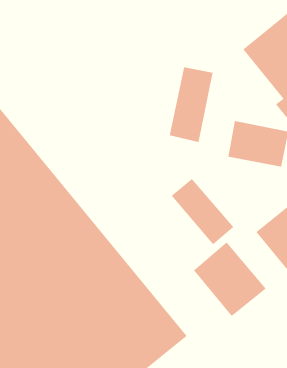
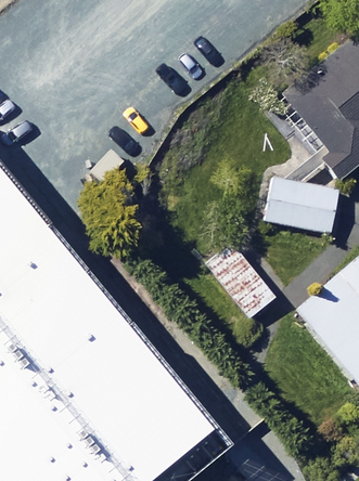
building: [169,67,213,143] -> none
building: [193,242,267,317] -> none

